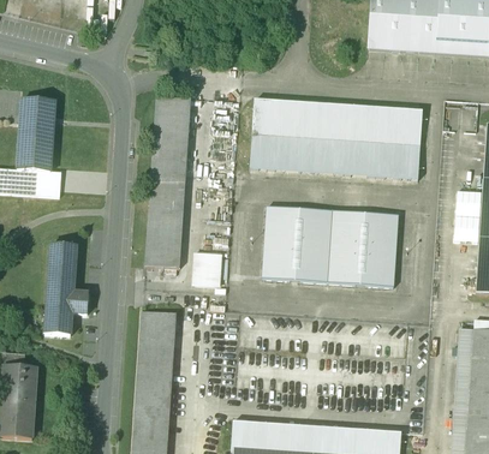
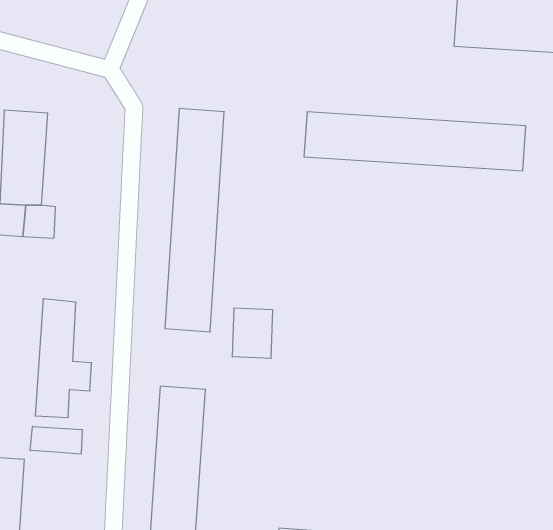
building: [249,133,419,179] -> none
building: [261,207,398,286] -> none
building: none -> [30,426,82,454]

